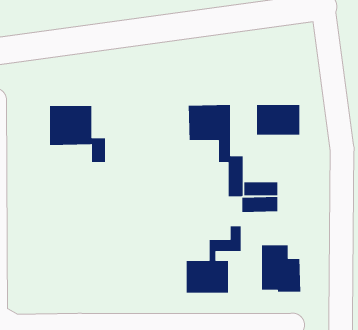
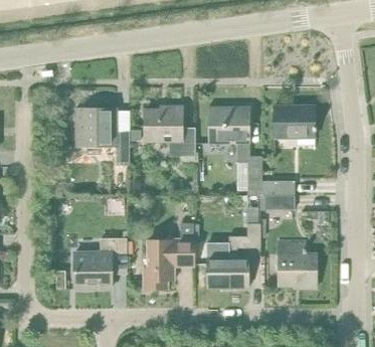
building: none -> [145,108,195,157]
building: none -> [143,224,193,290]
building: none -> [74,240,126,290]

